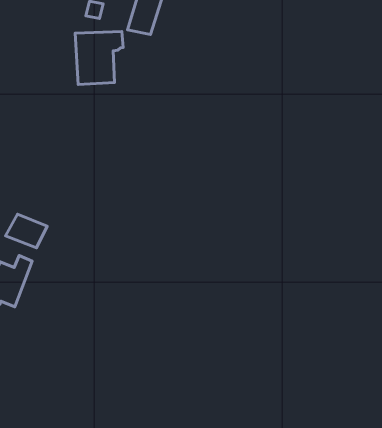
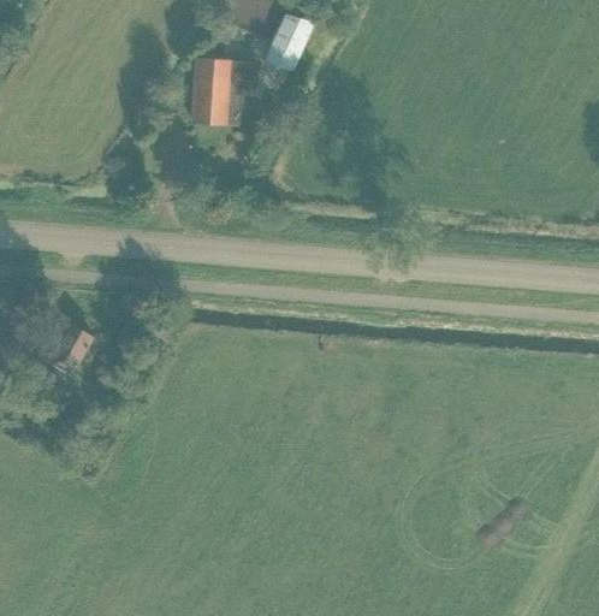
building: [6,214,47,248] -> none

